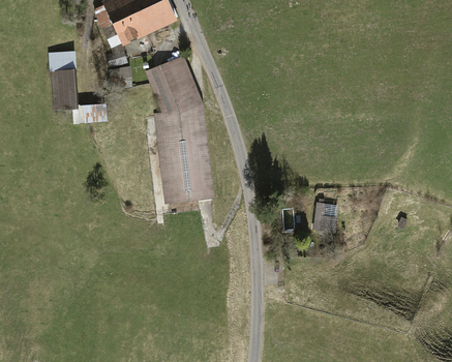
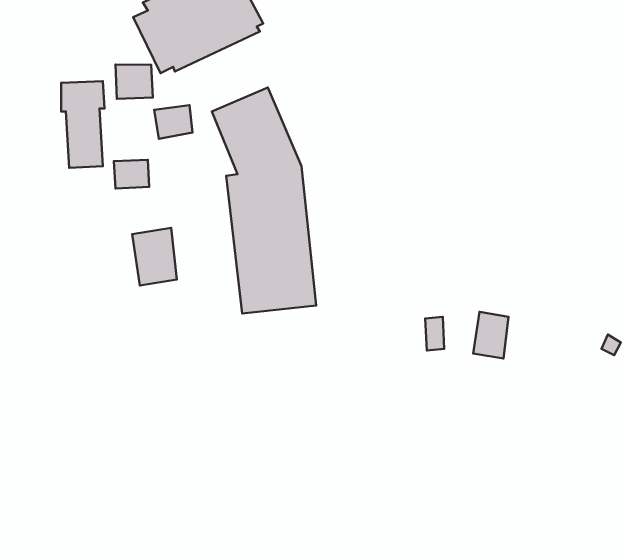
building: none -> [115,64,153,99]
building: none -> [132,228,177,285]

